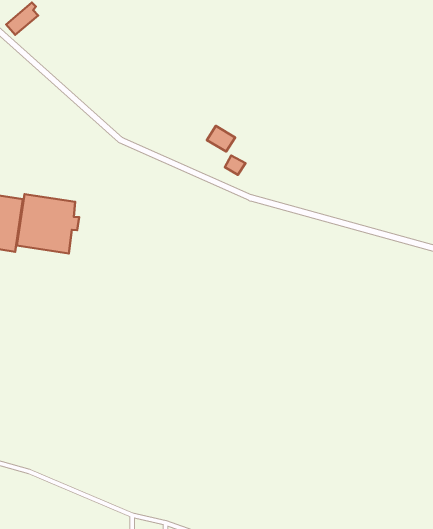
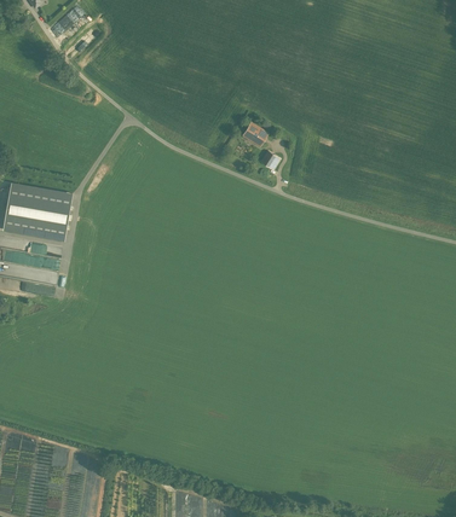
building: [17,194,79,253] -> none

